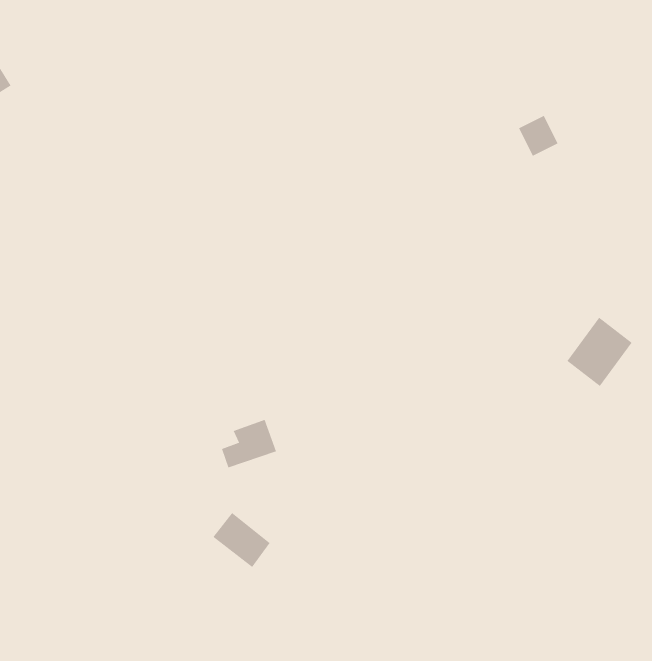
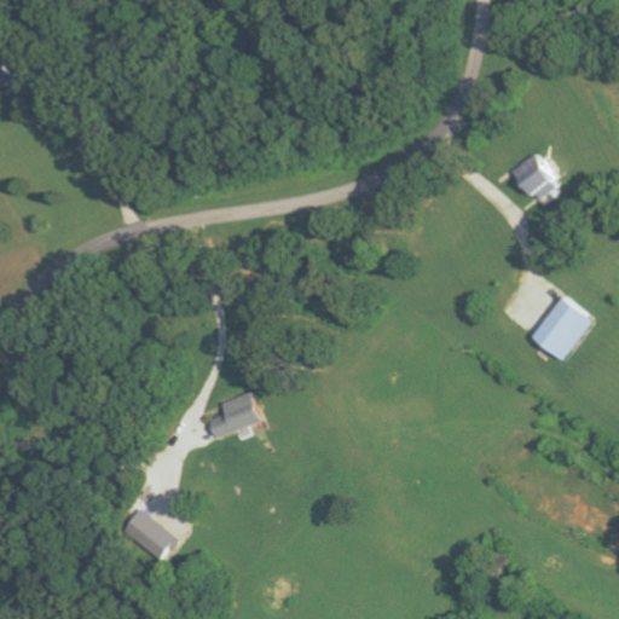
building: [518,115,558,157] -> [513,156,550,195]
building: [212,512,271,568] -> [120,508,174,560]

